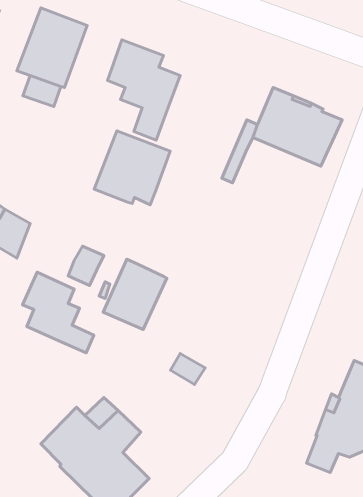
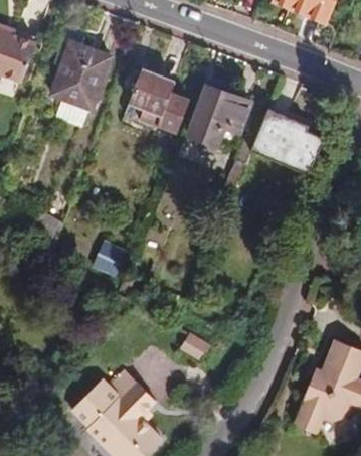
building: [94,131,170,205] -> [187,85,251,147]
building: [103,259,167,330] -> none
building: [23,272,94,353] -> none

